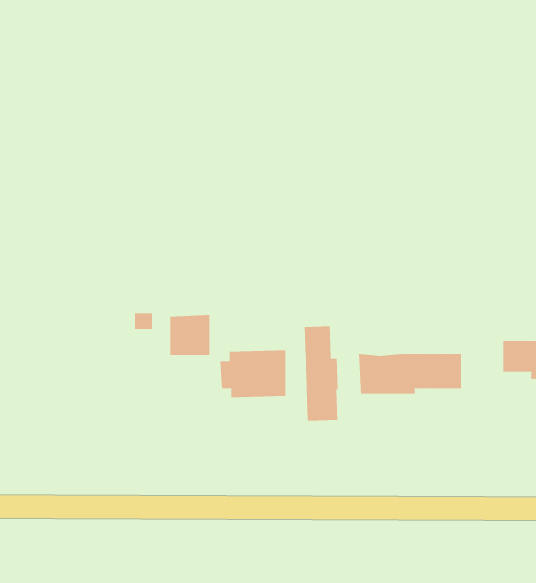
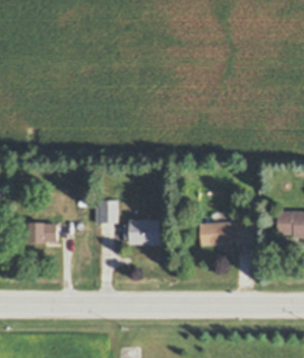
building: [304,326,338,421] -> none
building: none -> [28,223,57,243]

